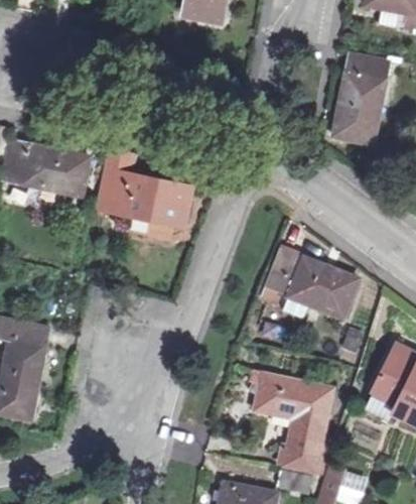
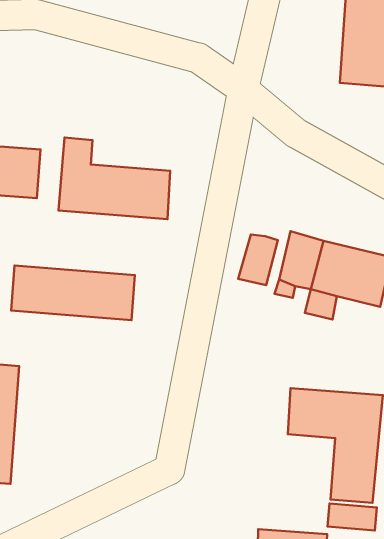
building: none -> [238,235,278,285]
building: none -> [11,266,135,320]

